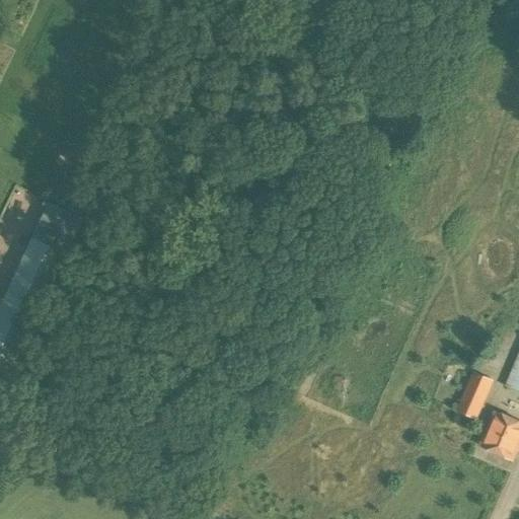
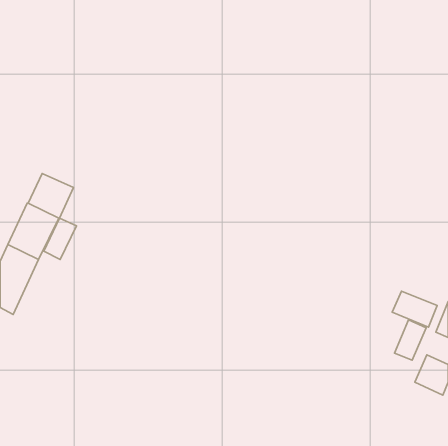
building: none -> [44,218,76,259]
building: none -> [392,291,437,327]

